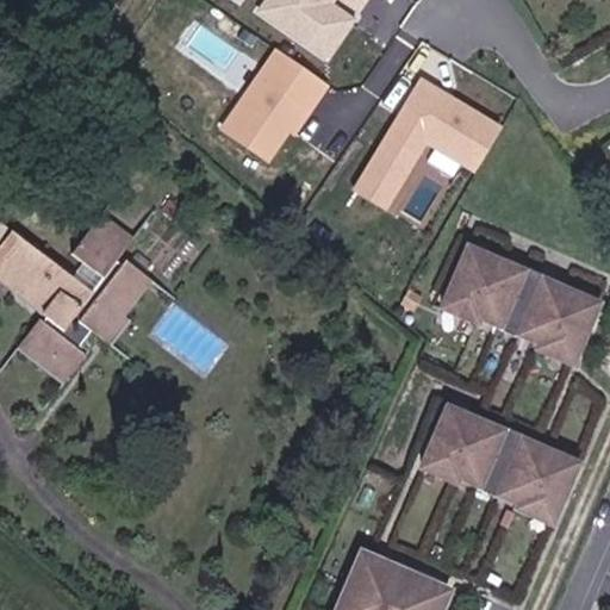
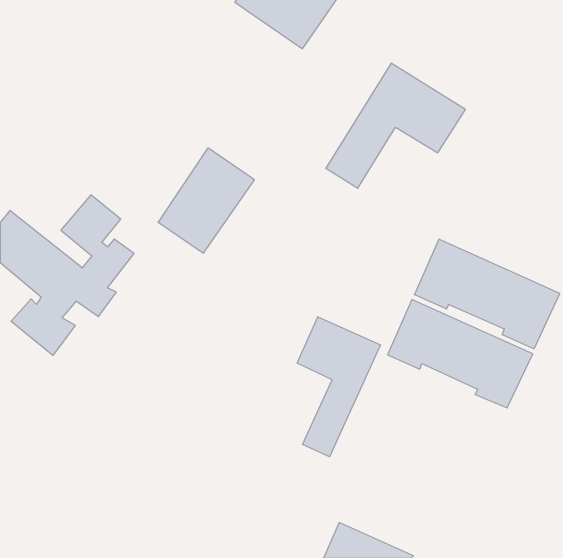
building: [224,39,328,152] -> [158,148,254,253]
building: none -> [297,317,380,457]
building: [427,417,583,534] -> [388,299,533,408]

